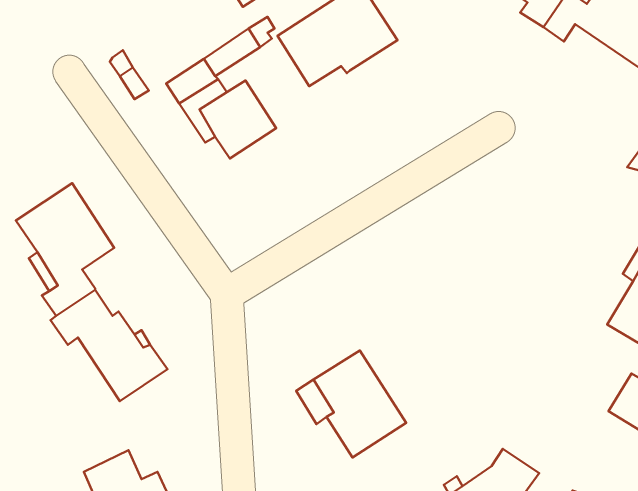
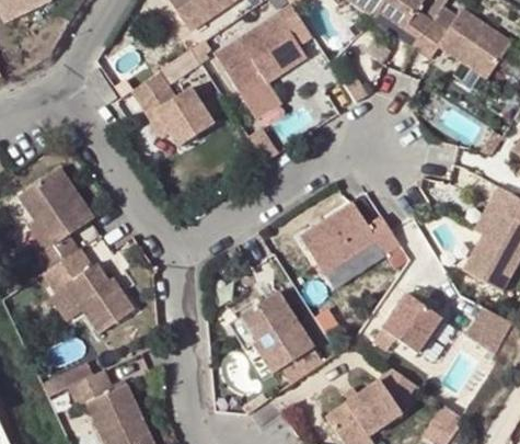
building: none -> [242,77,287,118]
building: none -> [301,203,401,273]
building: none -> [373,296,441,355]

